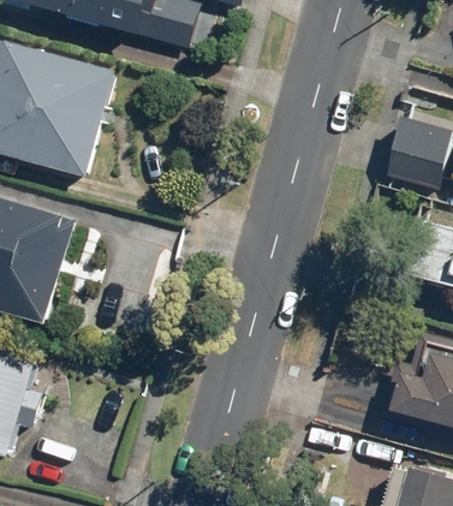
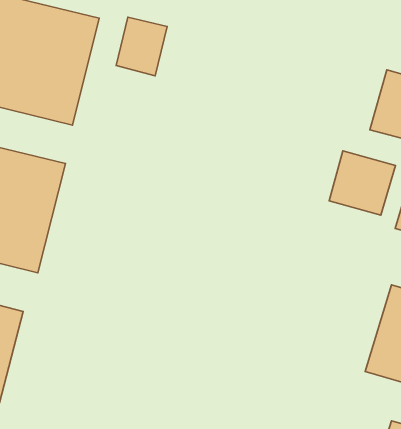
building: none -> [116,17,167,76]
building: none -> [329,151,395,215]

